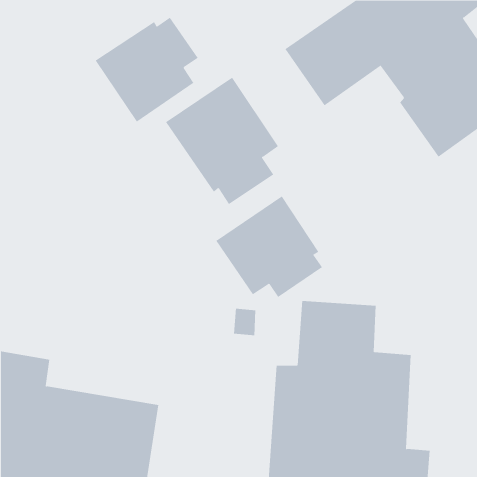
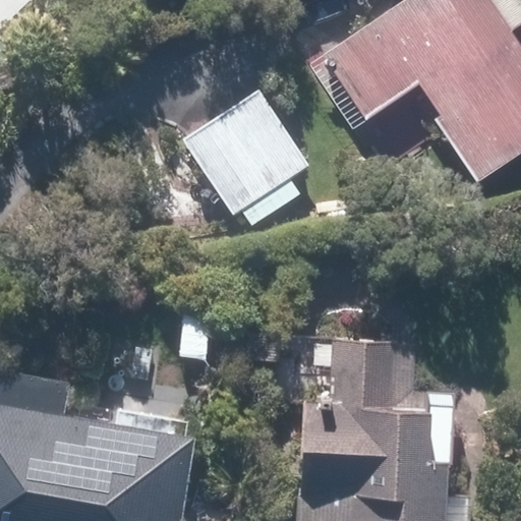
building: [95,17,198,122] -> none
building: [215,195,323,298] -> none

